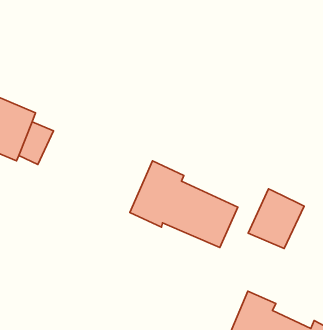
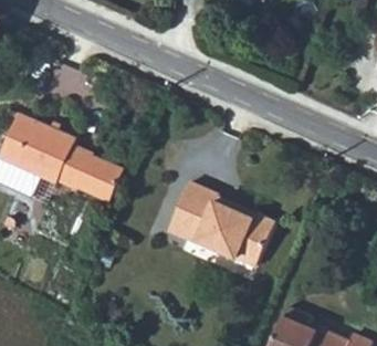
building: none -> [75,148,121,195]
building: [248,189,304,249] -> none

